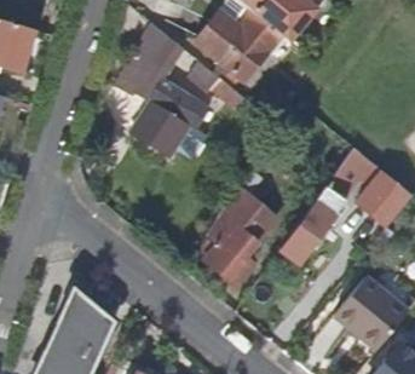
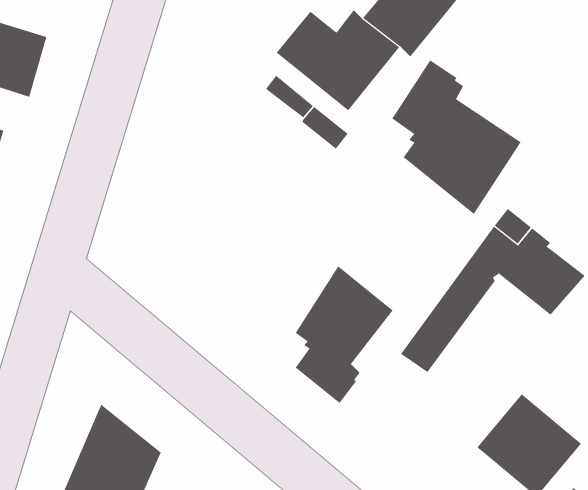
building: [117,21,209,156] -> none
building: none -> [391,59,521,215]

